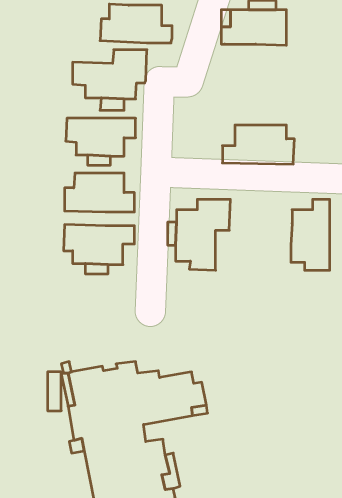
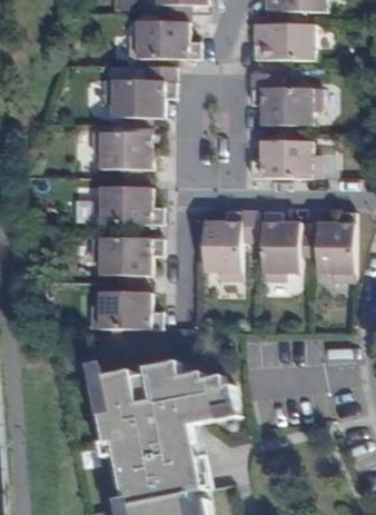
building: none -> [249,71,319,123]
building: none -> [261,210,299,279]
building: none -> [91,290,161,328]

